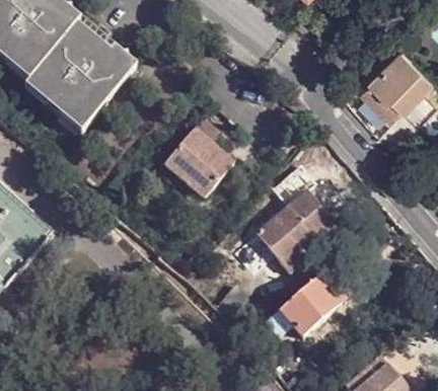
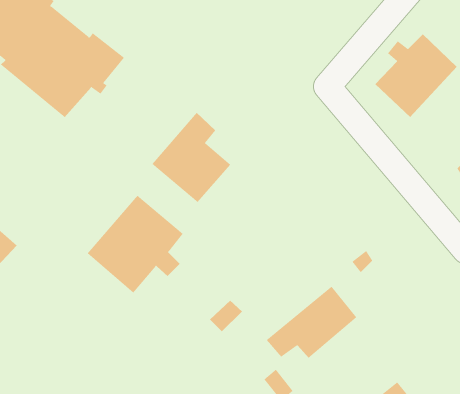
building: [251,191,331,272] -> none
building: none -> [87,195,184,293]

